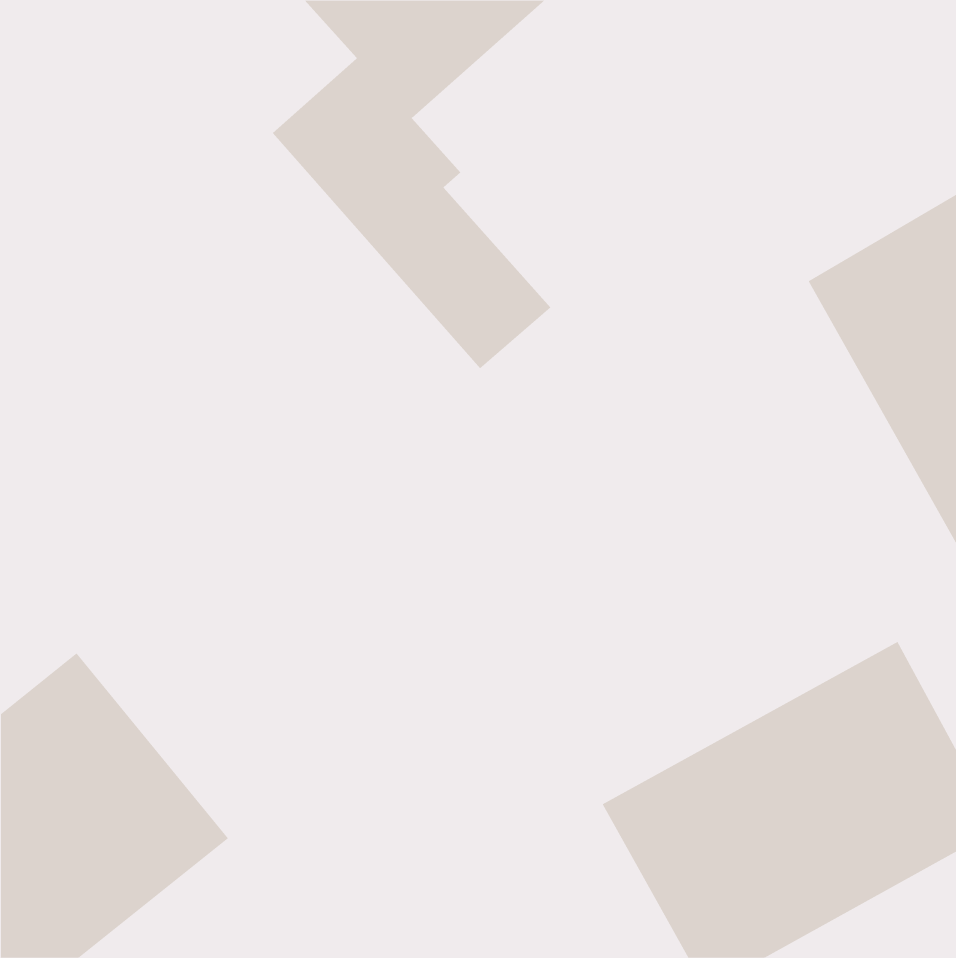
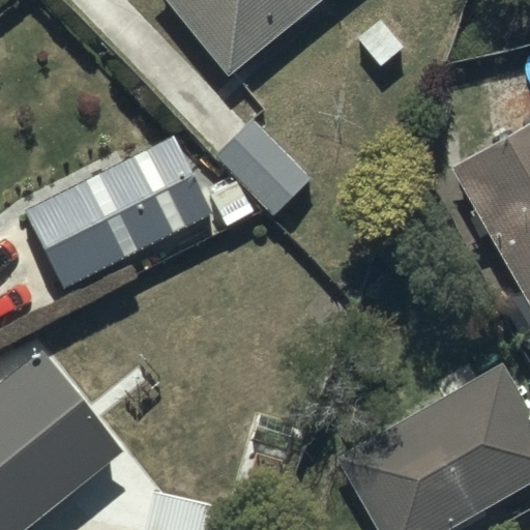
building: none -> [23,141,258,301]

